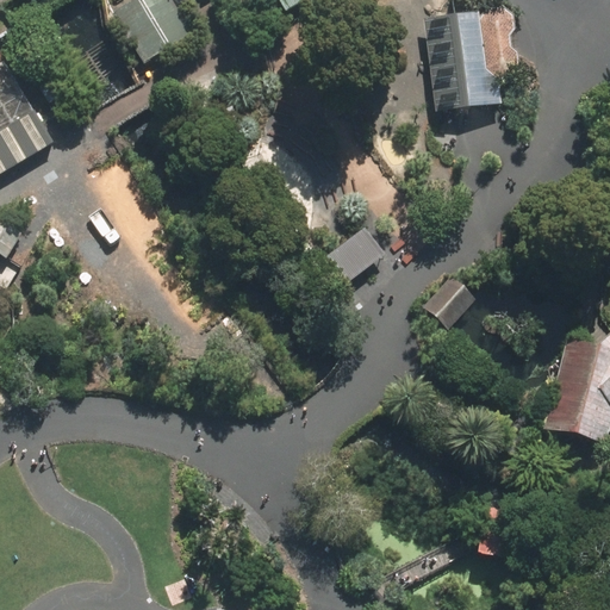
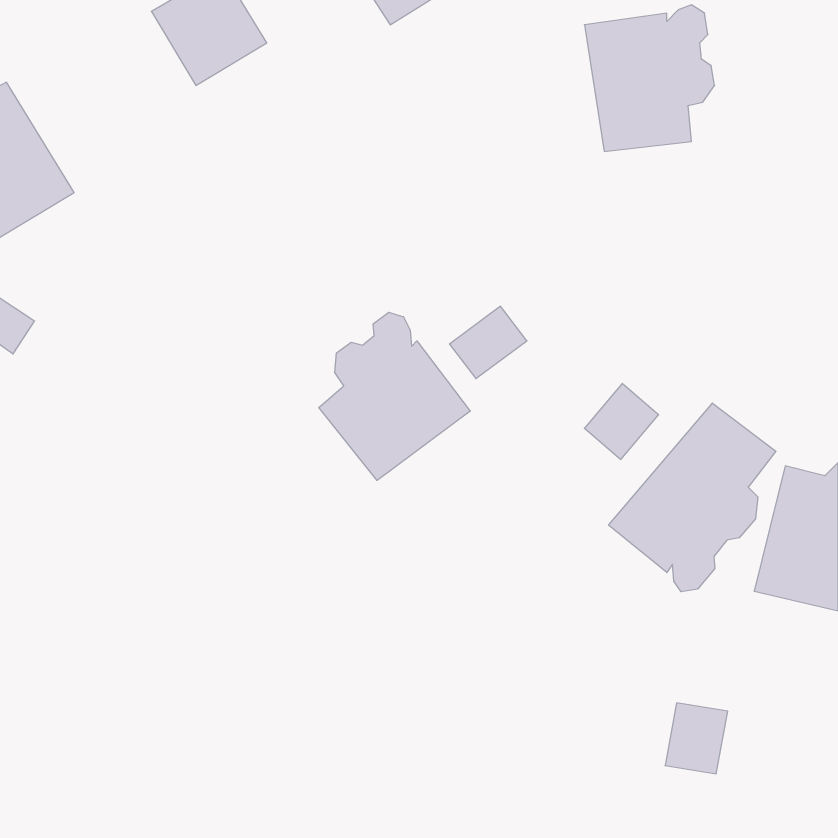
building: none -> [319,312,470,480]
building: none -> [609,403,776,592]

